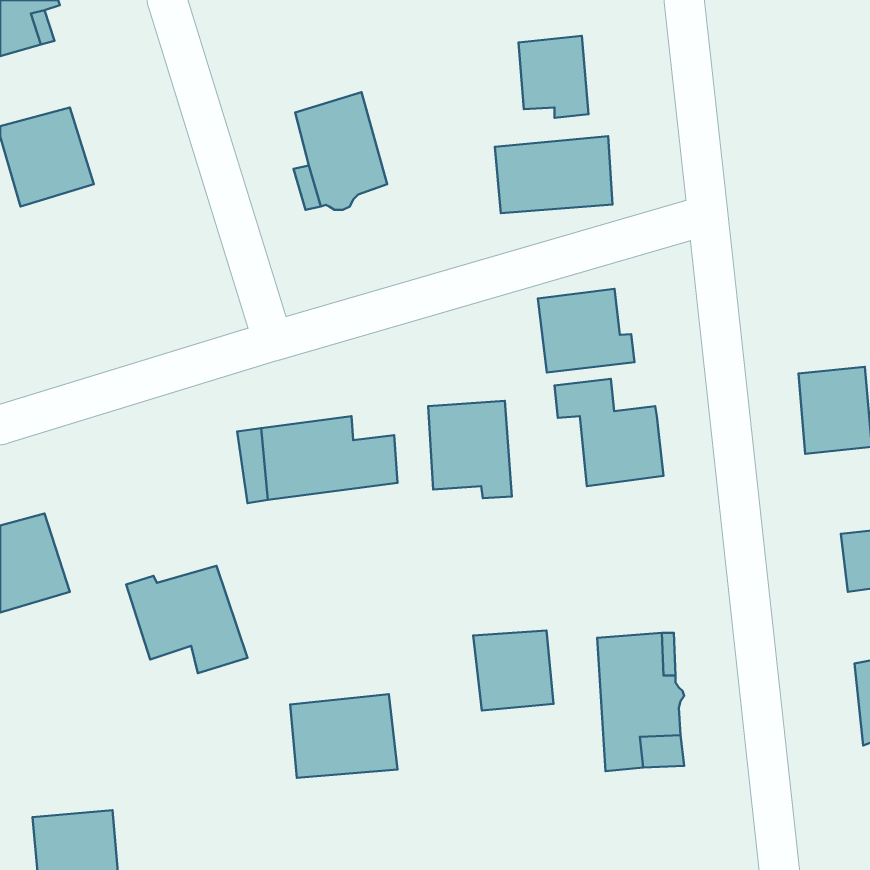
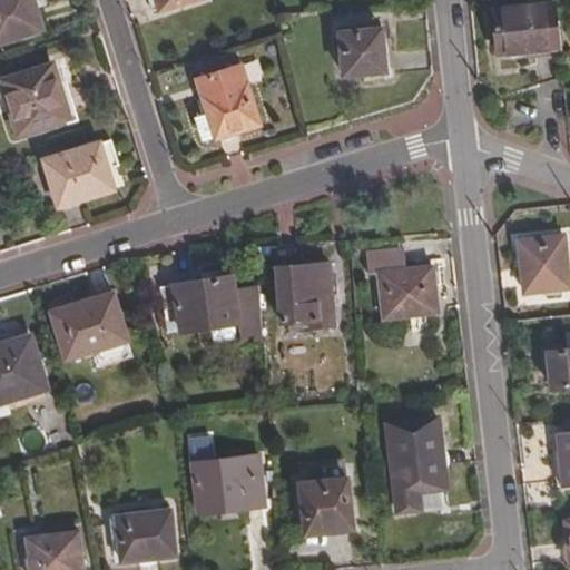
building: none -> [494,6,560,56]
building: [495,136,612,213] -> none
building: none -> [38,145,108,208]
building: [538,289,635,372] -> none
building: [126,566,247,673] -> [49,297,128,367]
building: [473,630,553,711] -> [297,479,350,531]
building: none -> [114,510,171,561]

